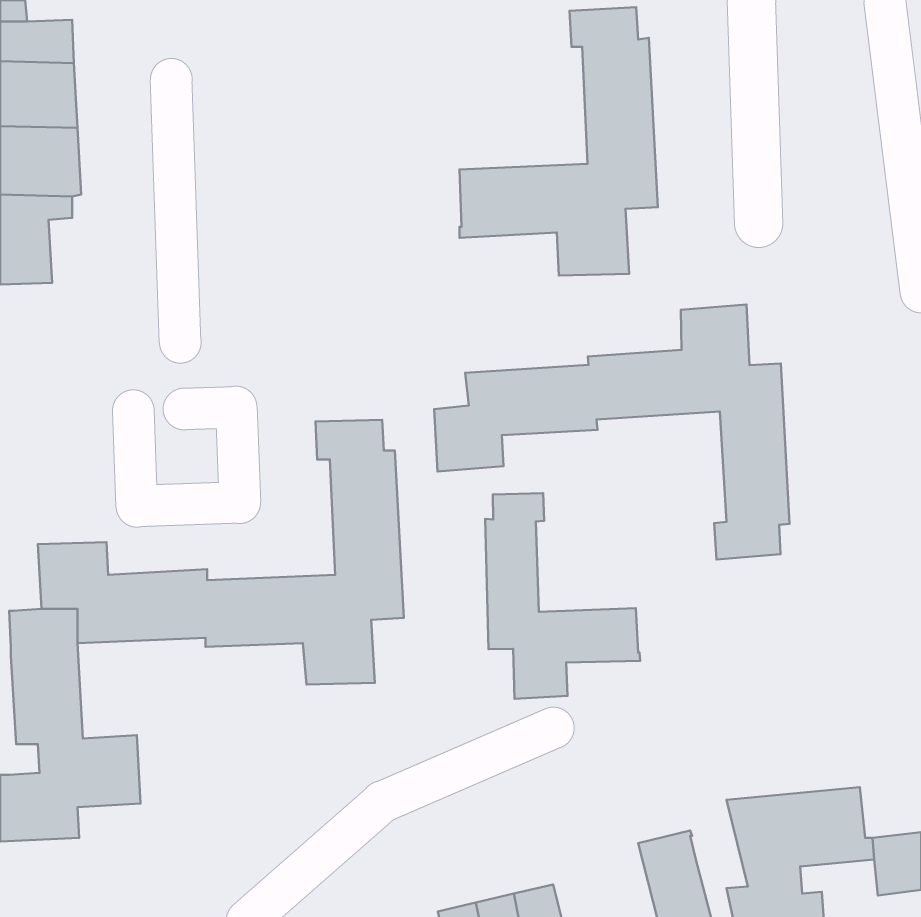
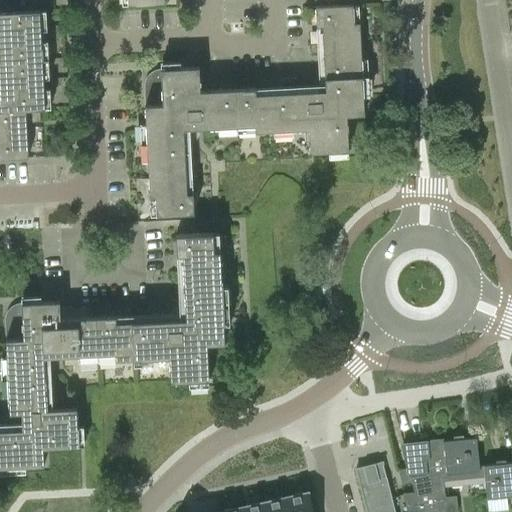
building: none -> [145,69,256,217]
building: [434,305,790,559] -> none
building: [485,493,640,699] -> none

